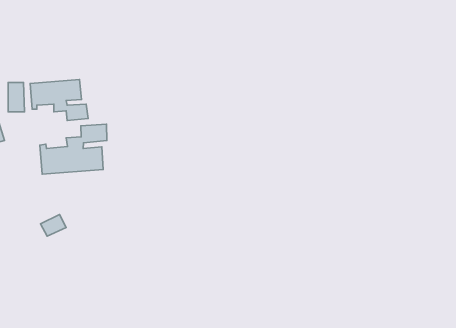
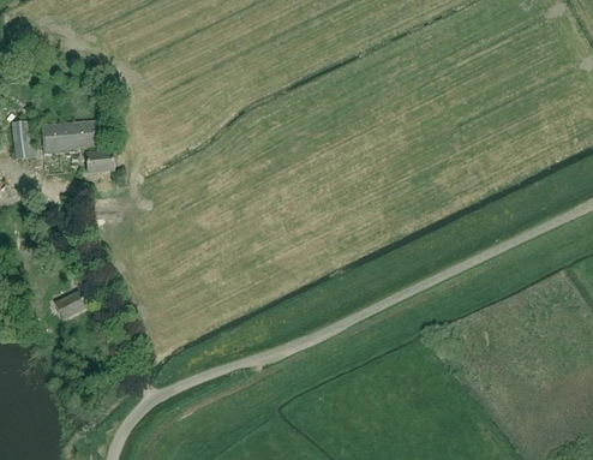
building: [40,124,107,174] -> none

